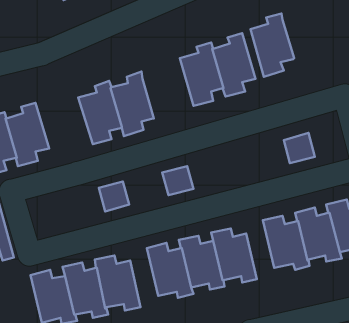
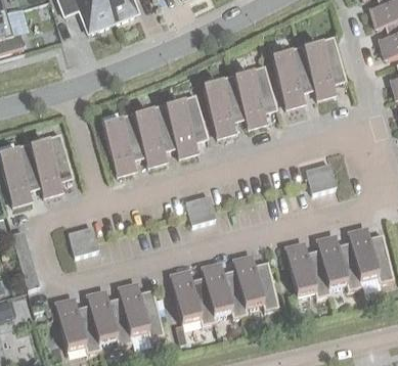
building: none -> [304,37,347,99]
building: none -> [166,95,209,157]
building: [99,182,129,212] -> [69,227,98,257]

